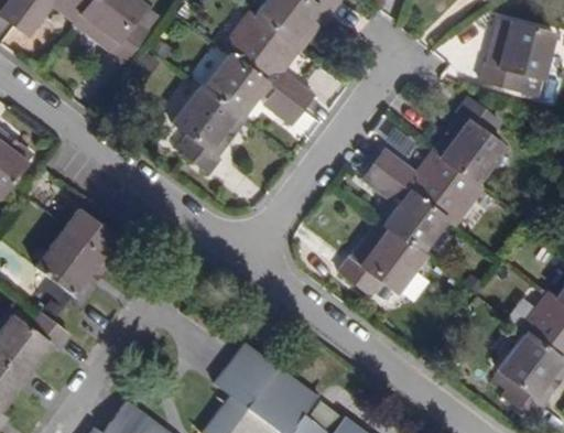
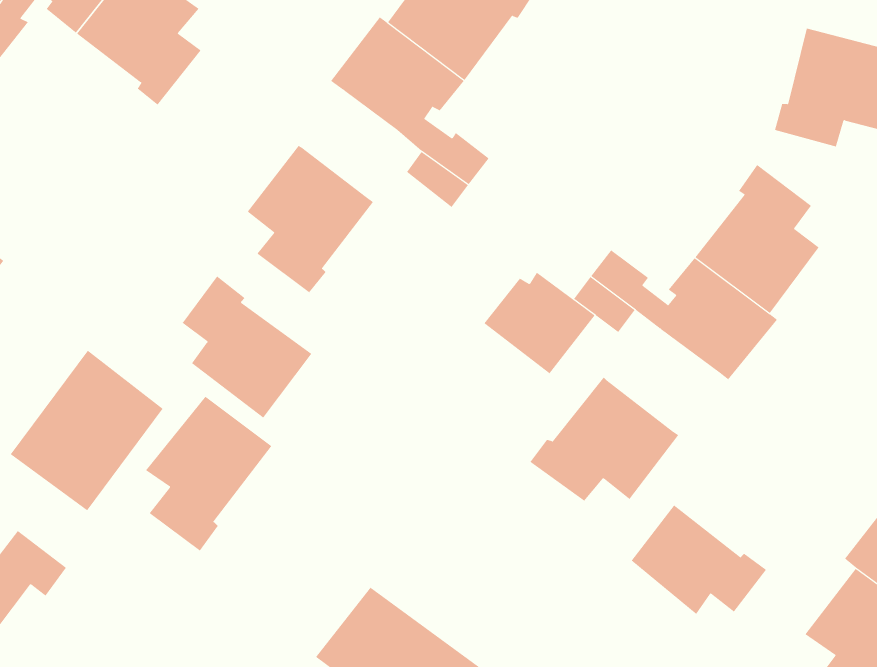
building: [206,54,262,116] -> none
building: none -> [182,276,312,418]
building: [383,193,448,252] -> [484,272,595,374]
building: none -> [145,396,272,552]
building: none -> [631,504,767,615]

